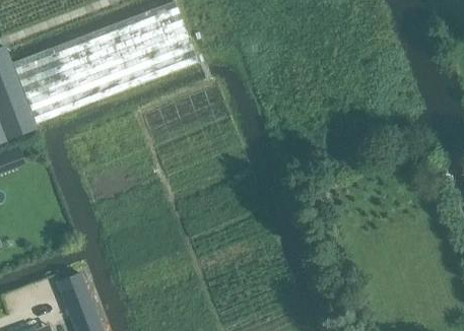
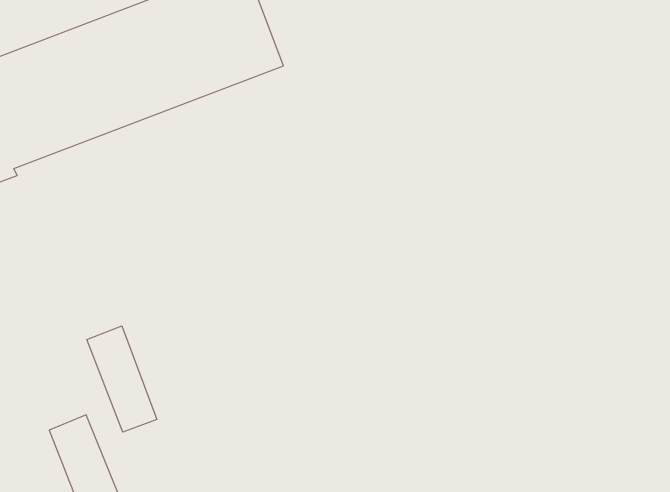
building: none -> [87,326,157,432]

